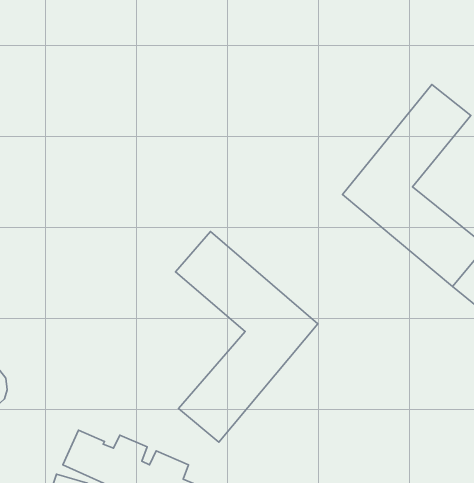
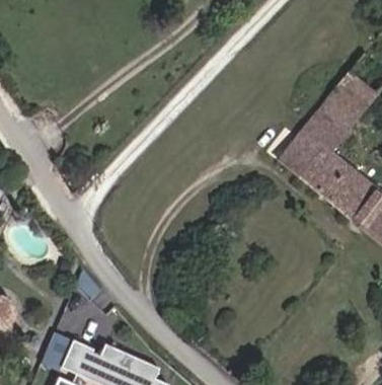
building: [175,231,318,442] -> none

